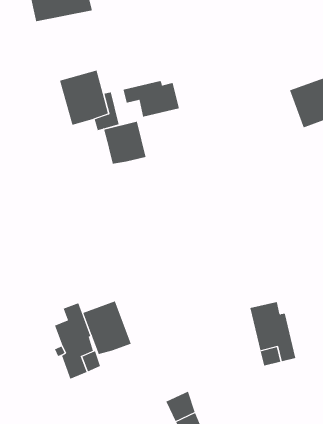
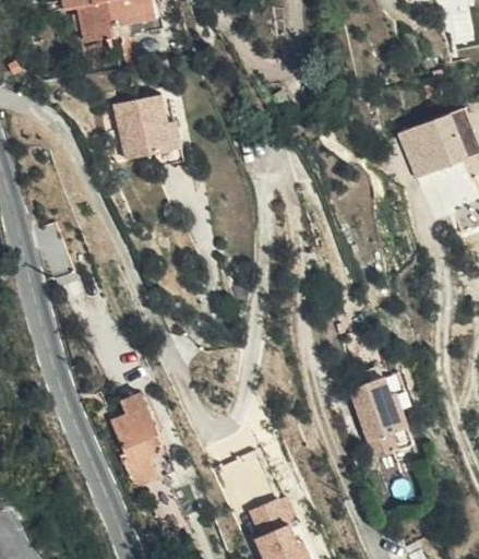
building: [123,80,180,117] -> none
building: [103,121,146,165] -> none
building: [82,300,131,355] -> none

